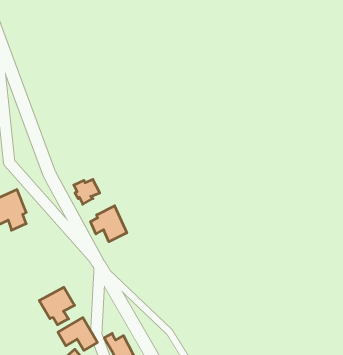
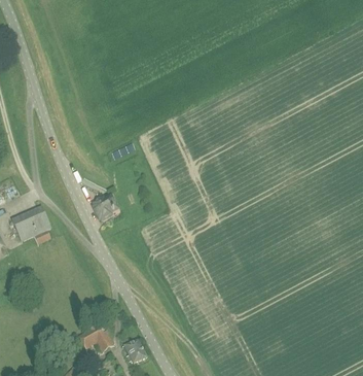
building: [91,206,127,242] -> none
building: [39,287,75,325] -> none

